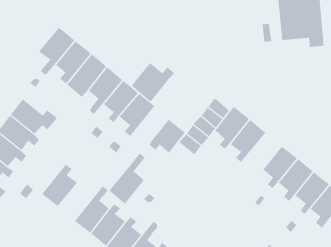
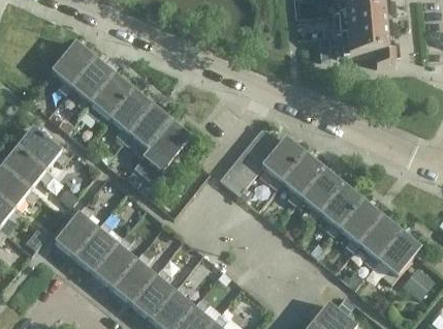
building: [131,51,175,102] -> none
building: [149,119,186,153] -> none
building: none -> [300,168,343,219]
building: [109,153,153,204] -> [74,211,128,273]

